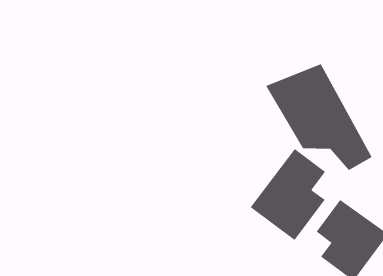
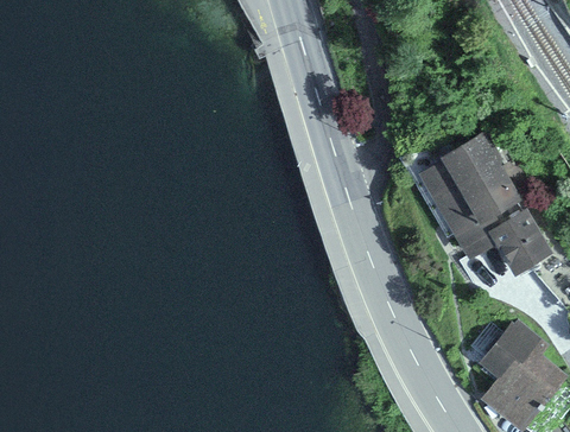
building: [250,148,326,241] -> none

